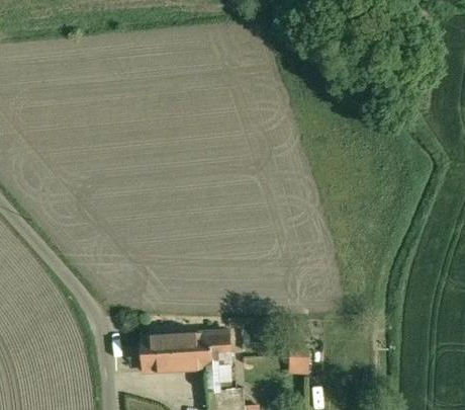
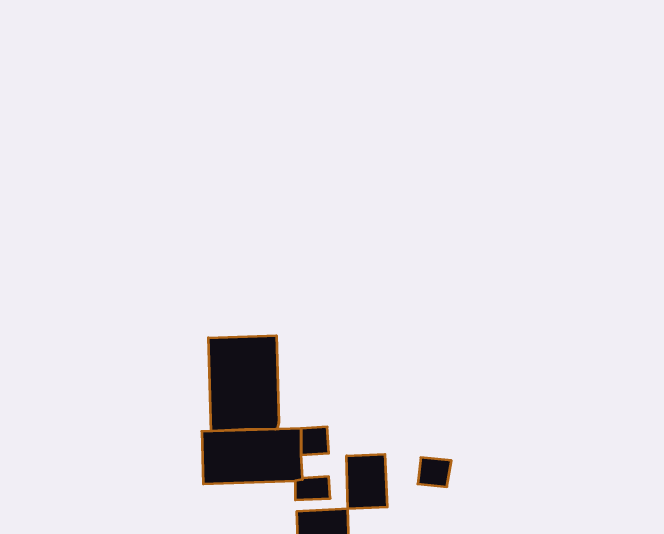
building: none -> [208,336,279,431]
building: none -> [347,454,387,509]

